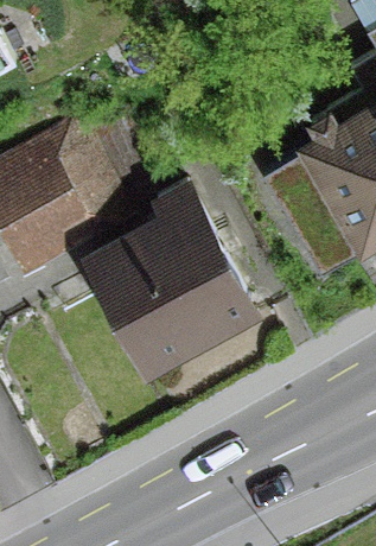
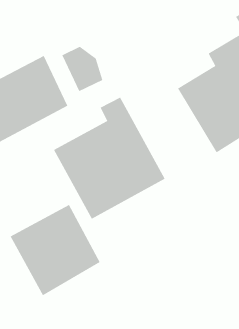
building: none -> [10,204,100,296]

